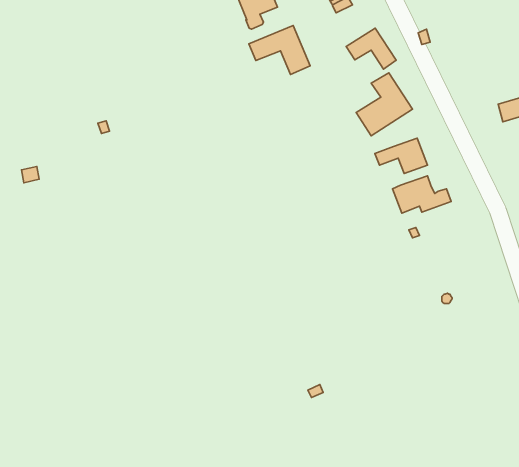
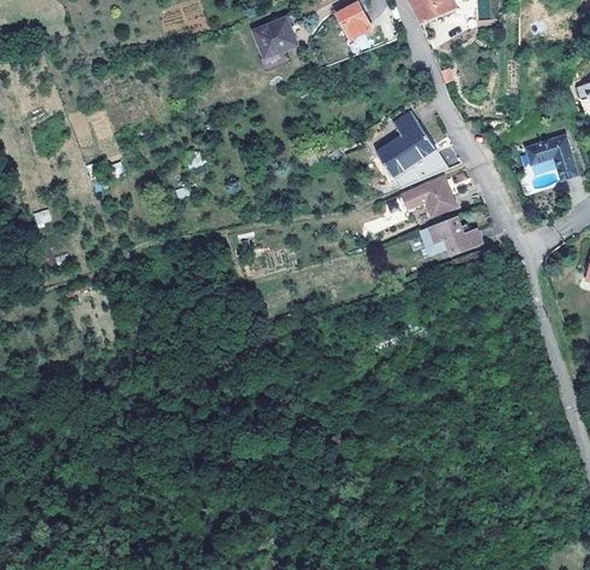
building: [249,26,310,75] -> none
building: [346,28,396,69] -> none

